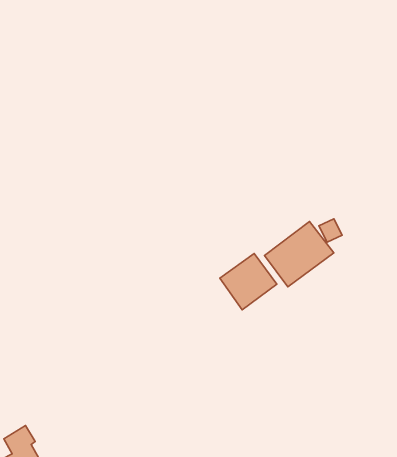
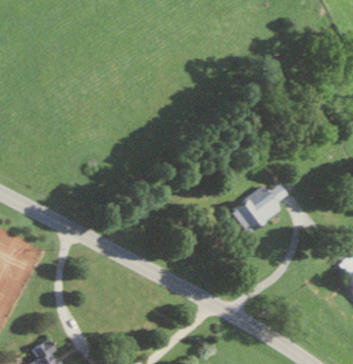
building: [220,253,277,310] -> none

